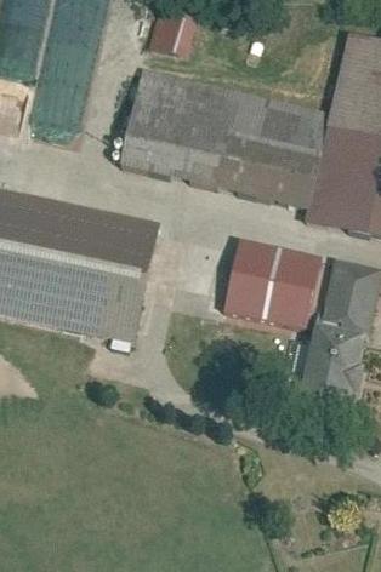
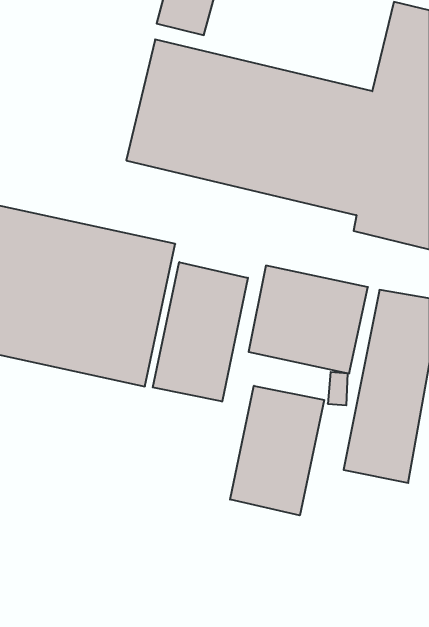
building: none -> [153,262,248,402]
building: none -> [230,386,324,515]

